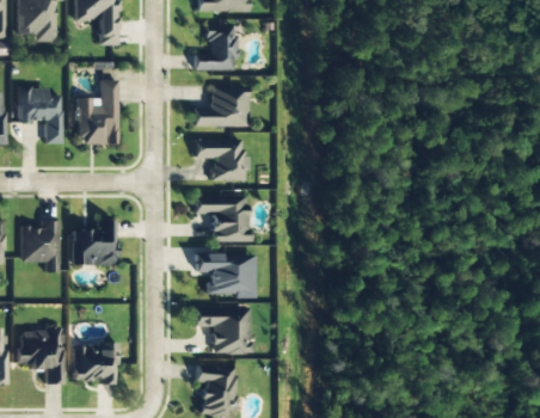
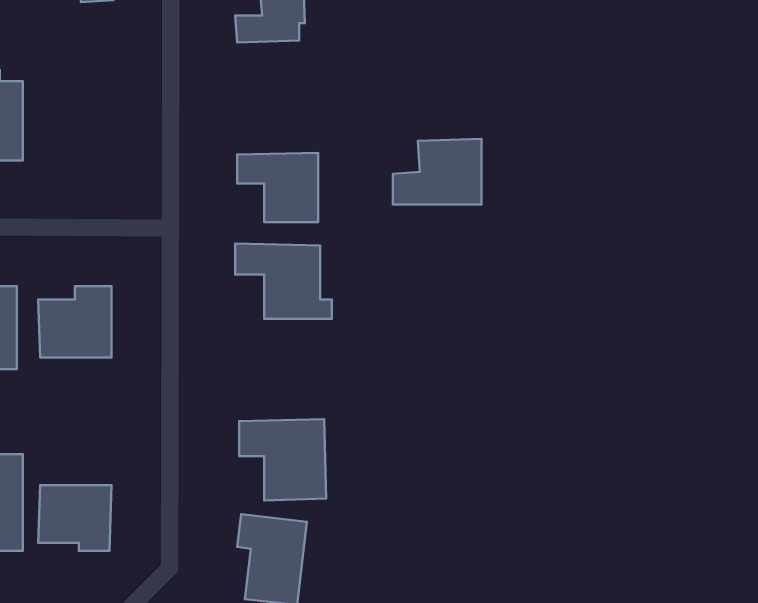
building: [76,80,117,143] -> none
building: [192,86,247,127] -> [393,139,482,205]
building: [194,254,253,296] -> none

